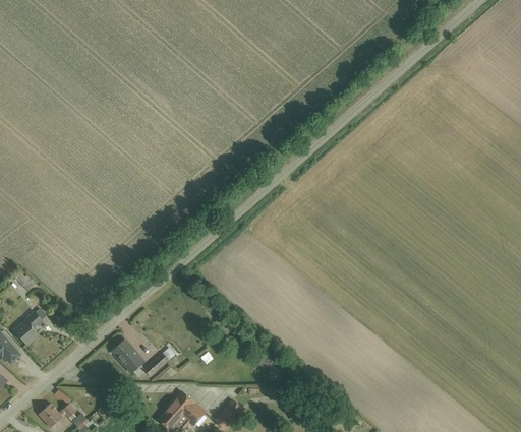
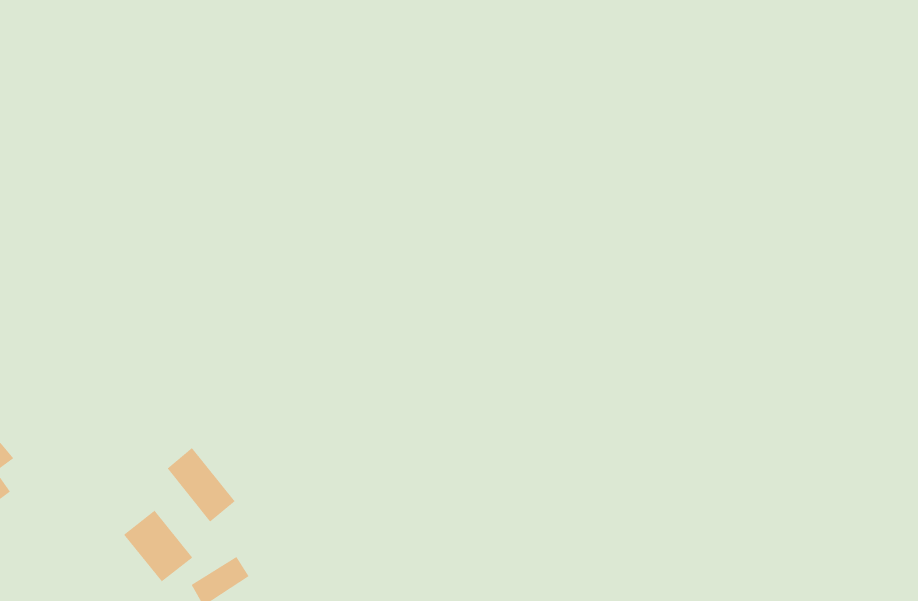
building: none -> [167,447,235,522]

